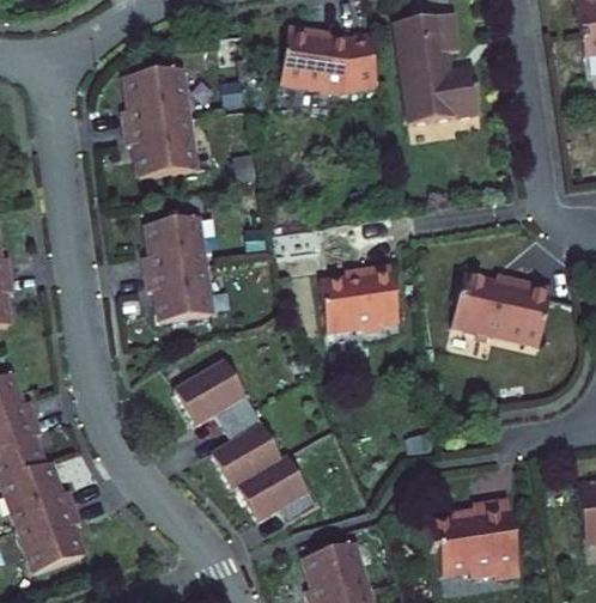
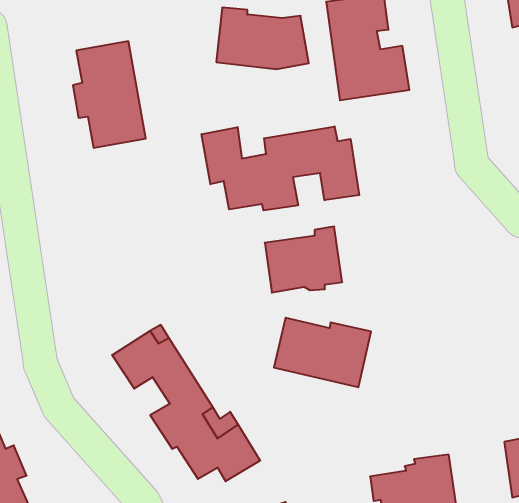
building: none -> [202,126,359,210]
building: [153,215,224,321] -> none
building: [448,272,548,343] -> [274,318,371,387]

